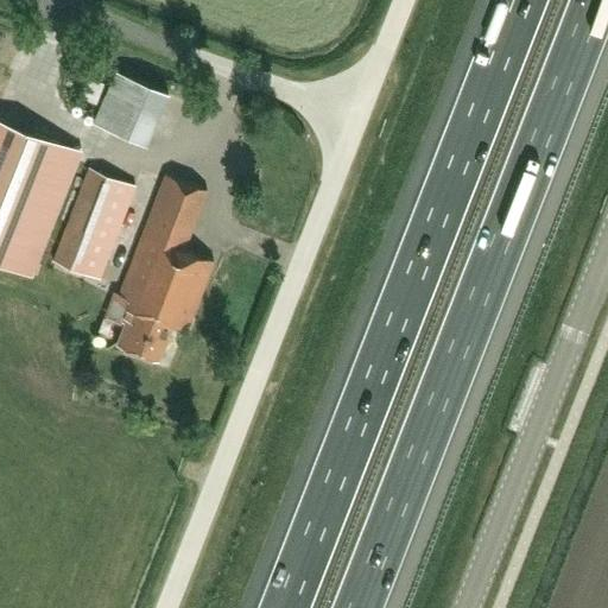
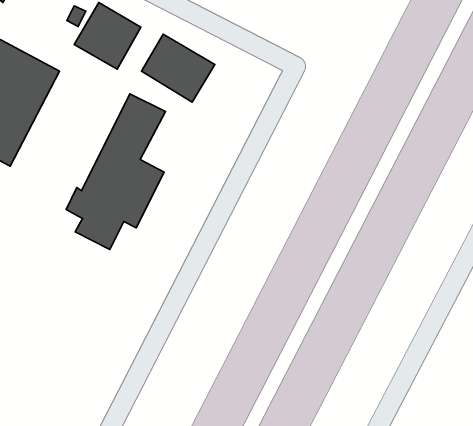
building: none -> [141,34,215,102]
building: [53,170,134,280] -> none

